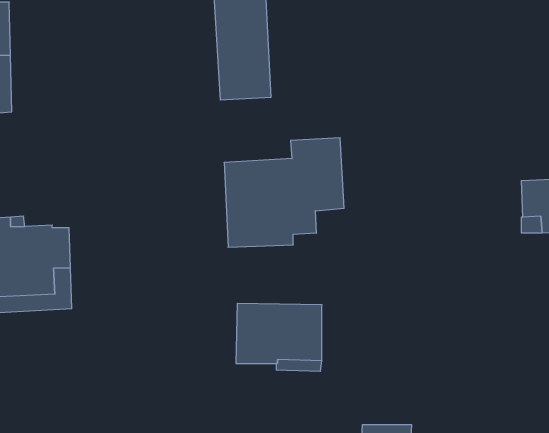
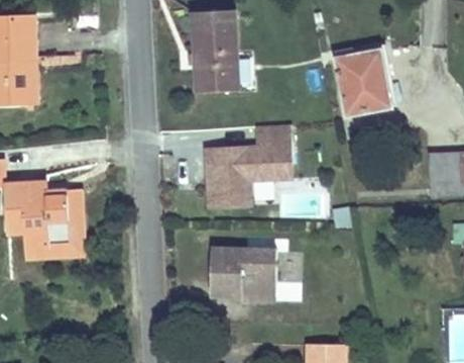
building: none -> [336,50,391,115]

